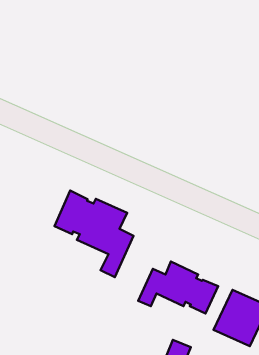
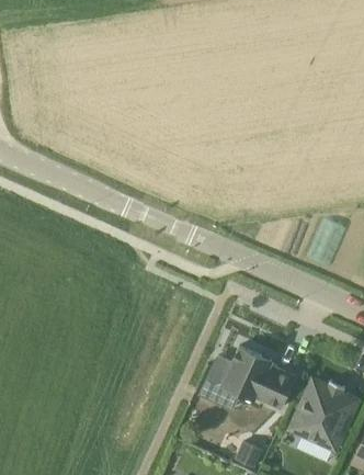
building: [54,191,134,277] -> none

